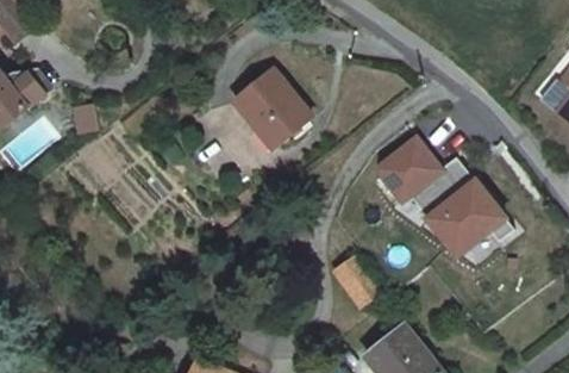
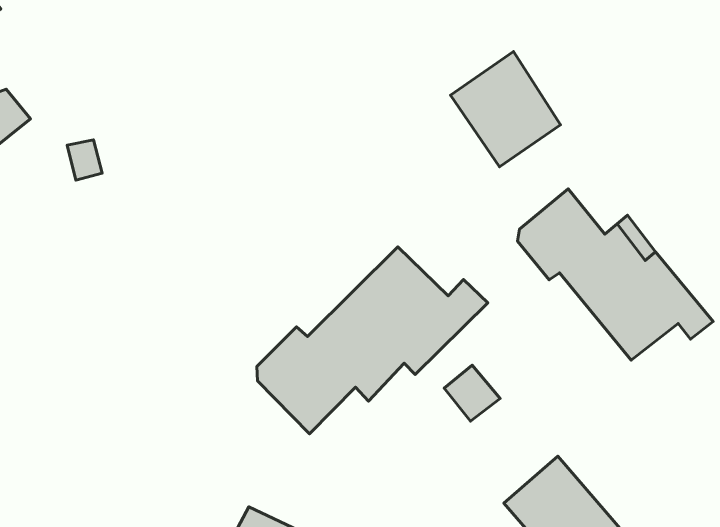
building: [237,69,312,148] -> [451,51,561,167]
building: none -> [257,247,488,434]

